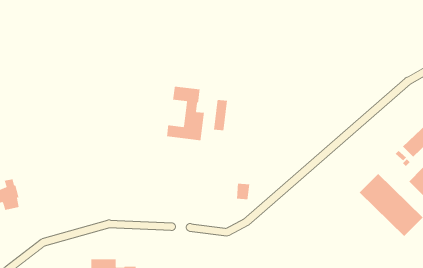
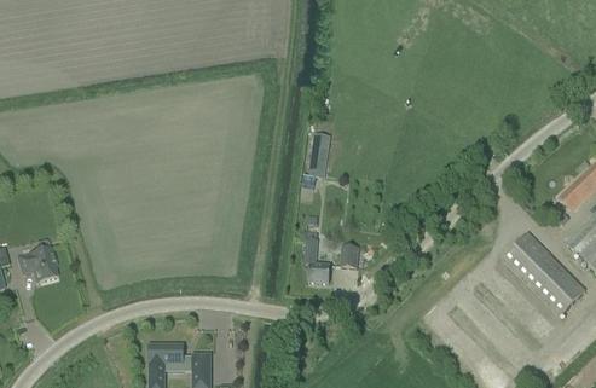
building: [166,86,204,141] -> none
building: none -> [305,239,331,283]

